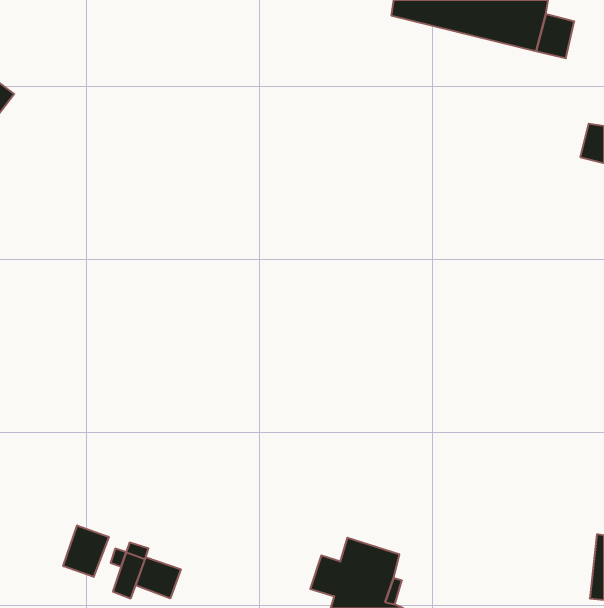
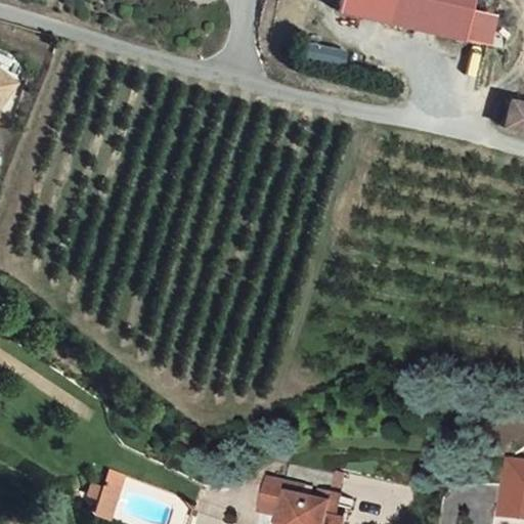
building: [63,525,109,577] -> none
building: [136,557,181,598] -> none

